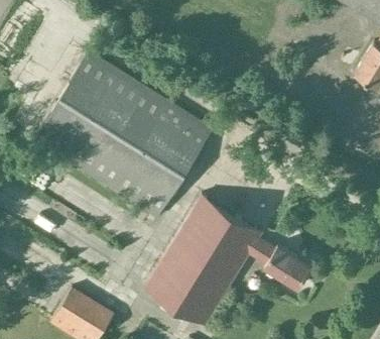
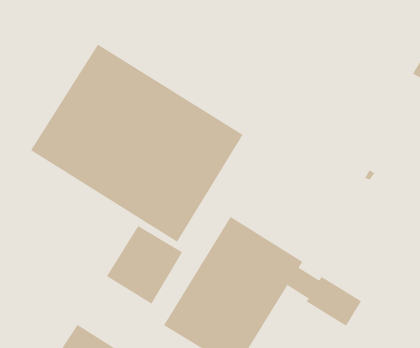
building: none -> [106,225,183,305]

